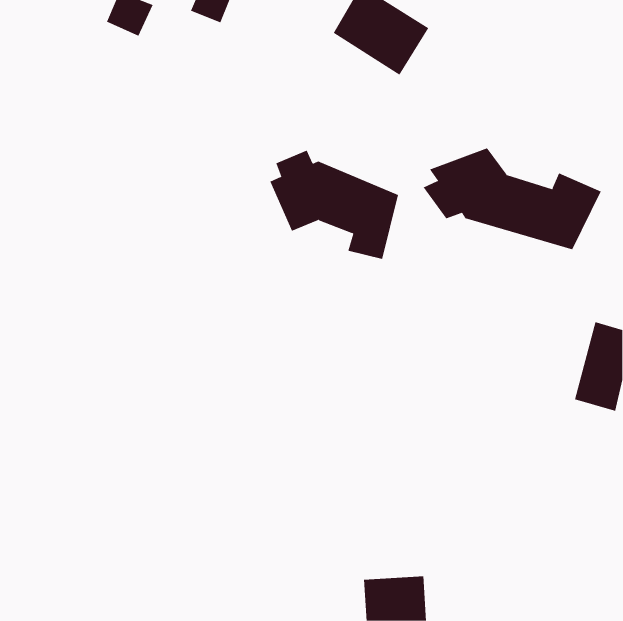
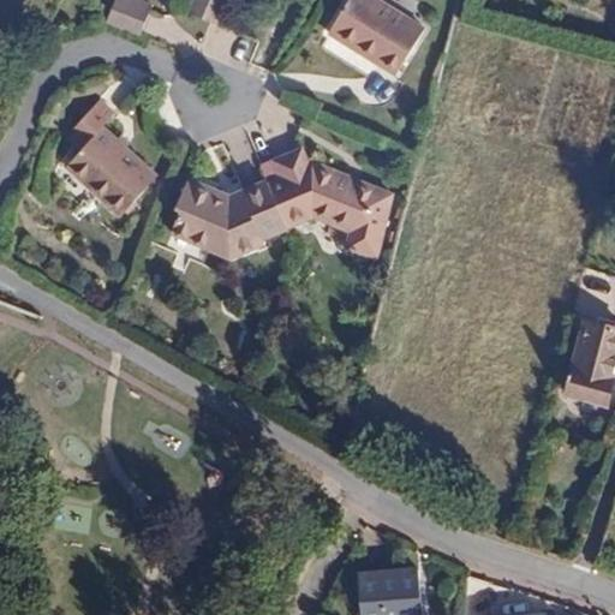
building: none -> [64,100,156,217]
building: [423,148,601,250] -> none
building: none -> [169,177,287,258]

